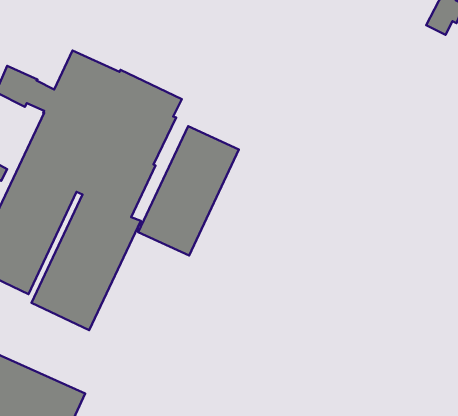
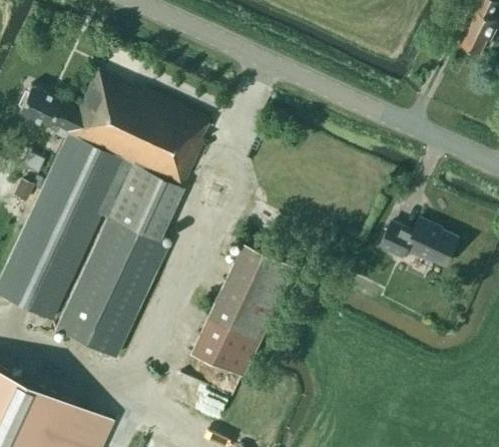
building: [138,126,239,256] -> [190,244,294,377]
building: none -> [381,220,460,267]

